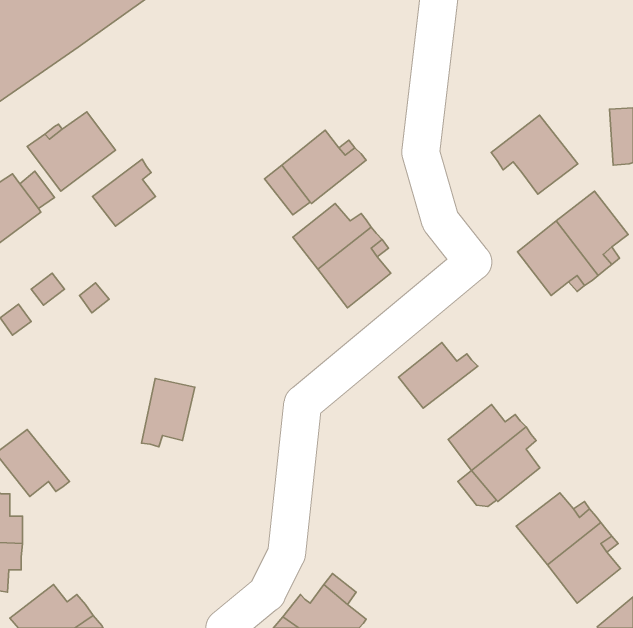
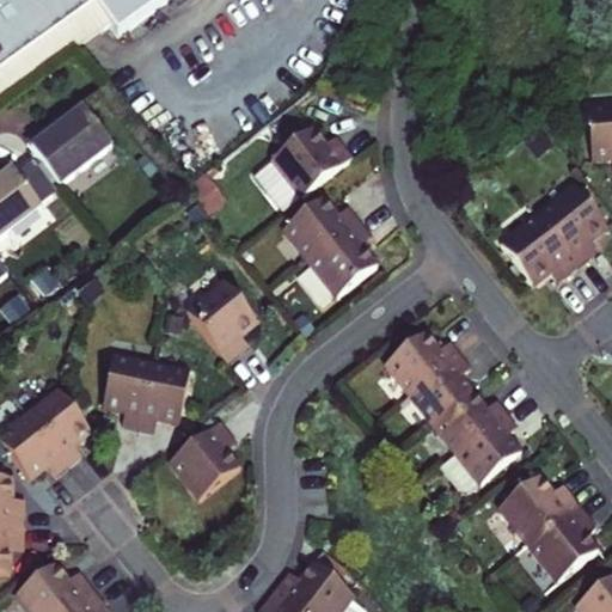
building: [491,115,578,194] -> none
building: [92,159,155,226] -> none
building: none -> [184,279,256,360]
building: none -> [408,353,473,423]
building: none -> [100,356,149,427]
building: none -> [26,390,90,464]
building: none -> [170,418,241,497]

